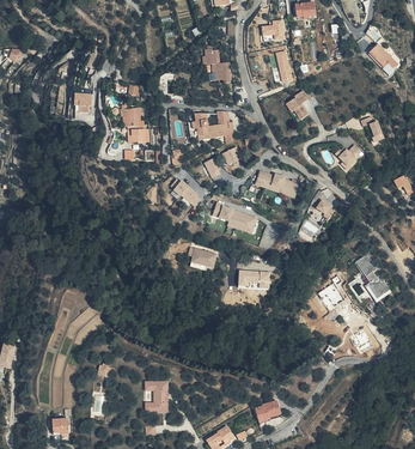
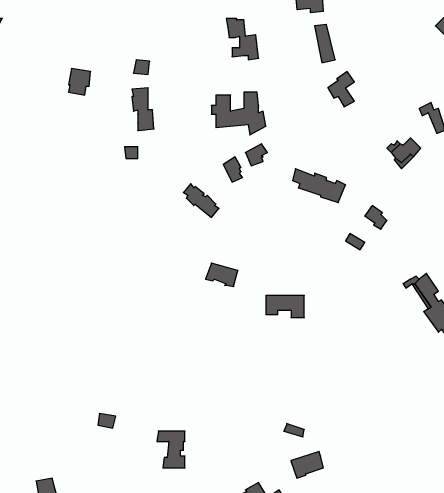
building: [212,202,255,233] -> none

